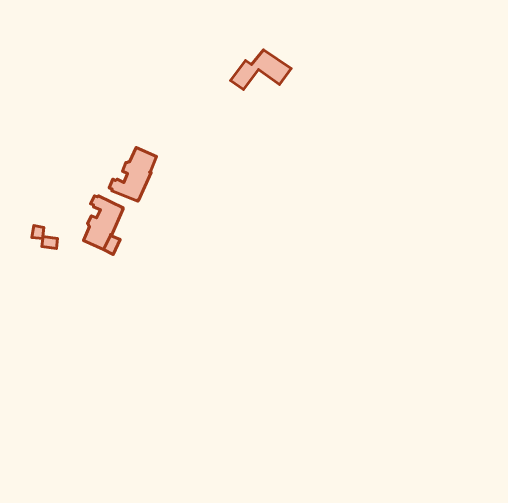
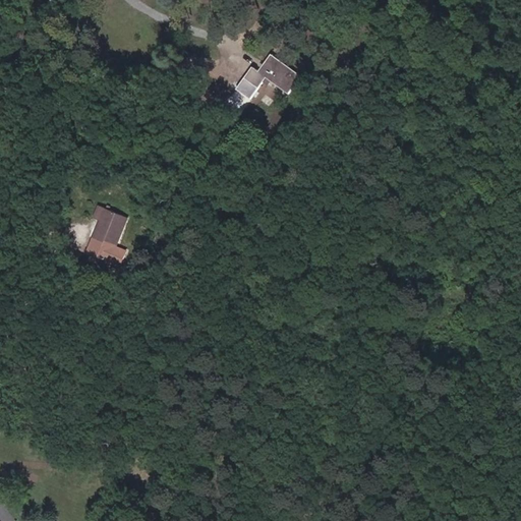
building: [109,148,156,201] -> none

